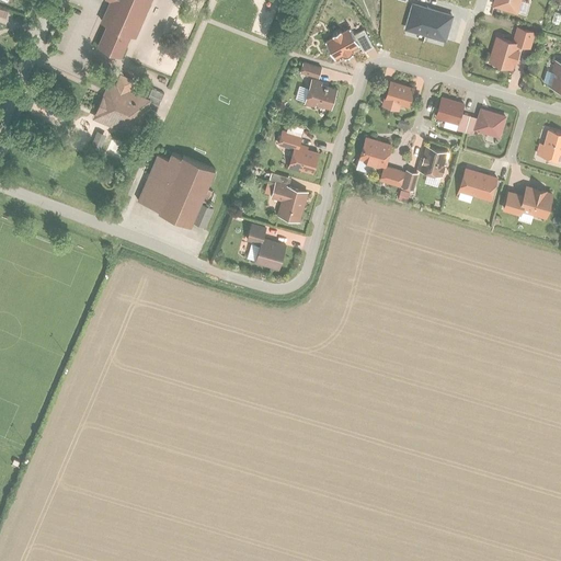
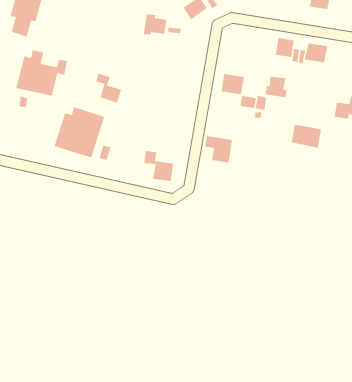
building: [305,78,339,108] -> [143,13,167,35]
building: [382,80,416,112] -> none
building: none -> [95,72,122,104]
building: [278,129,320,172] -> none
building: [458,167,501,203] -> [291,124,322,149]
building: [272,182,310,222] -> [204,135,233,163]

